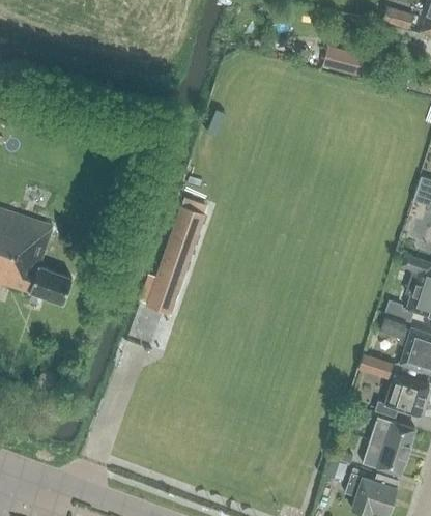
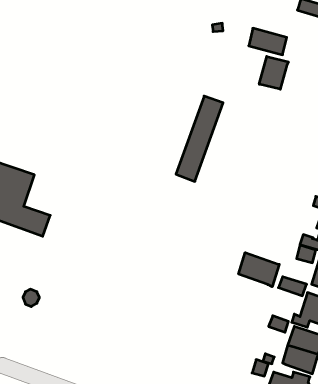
building: none -> [259,56,288,89]
building: [146,207,205,314] -> [176,96,223,181]
building: none -> [239,253,279,287]

